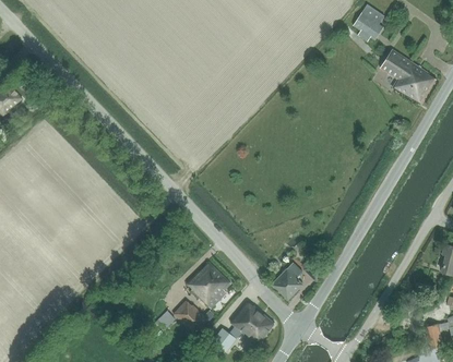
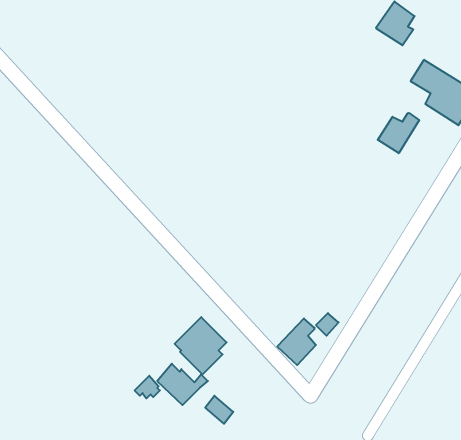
building: none -> [378,113,419,153]
building: [230,301,275,343] -> none

